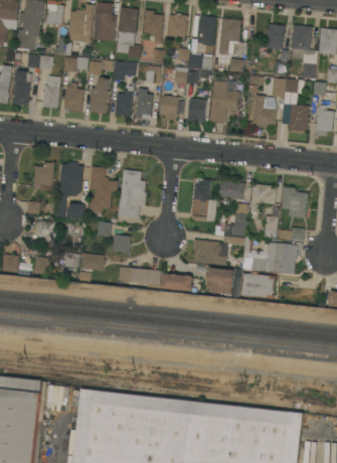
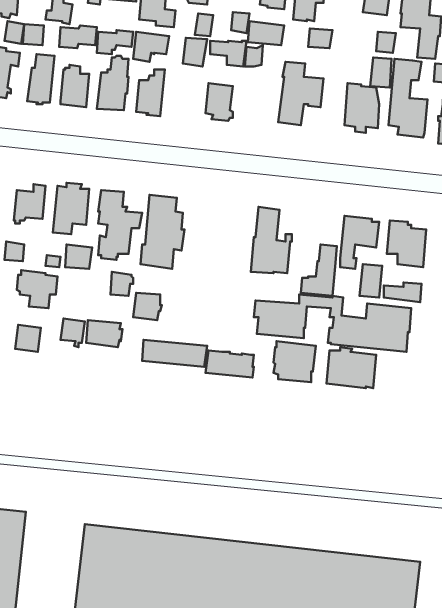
building: [136,88,153,119] -> none
building: [187,99,206,123] -> none
building: [221,180,245,198] -> none

